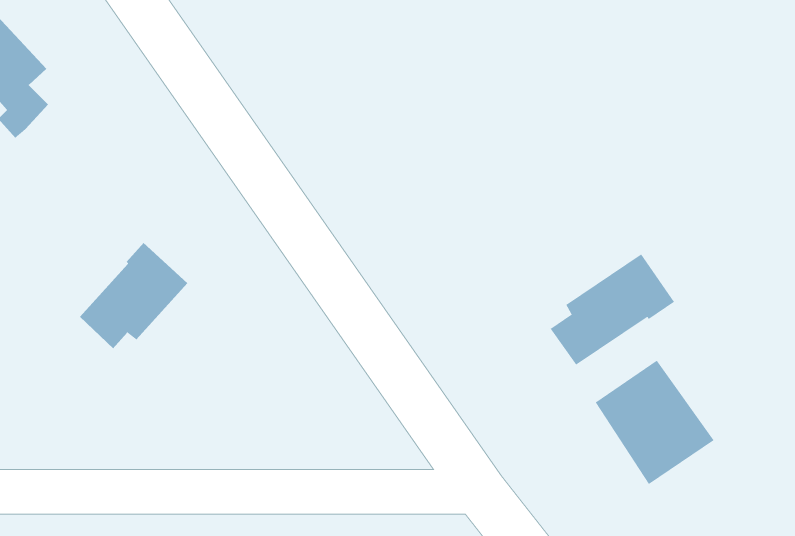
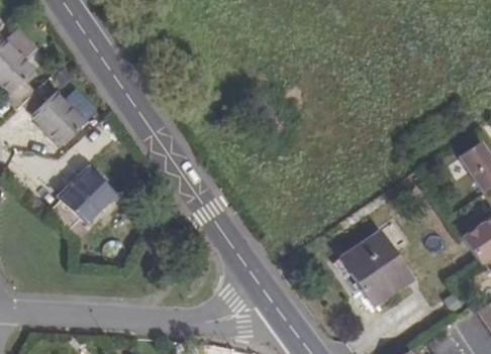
building: none -> [22,84,84,144]
building: [550,253,675,365] -> none

